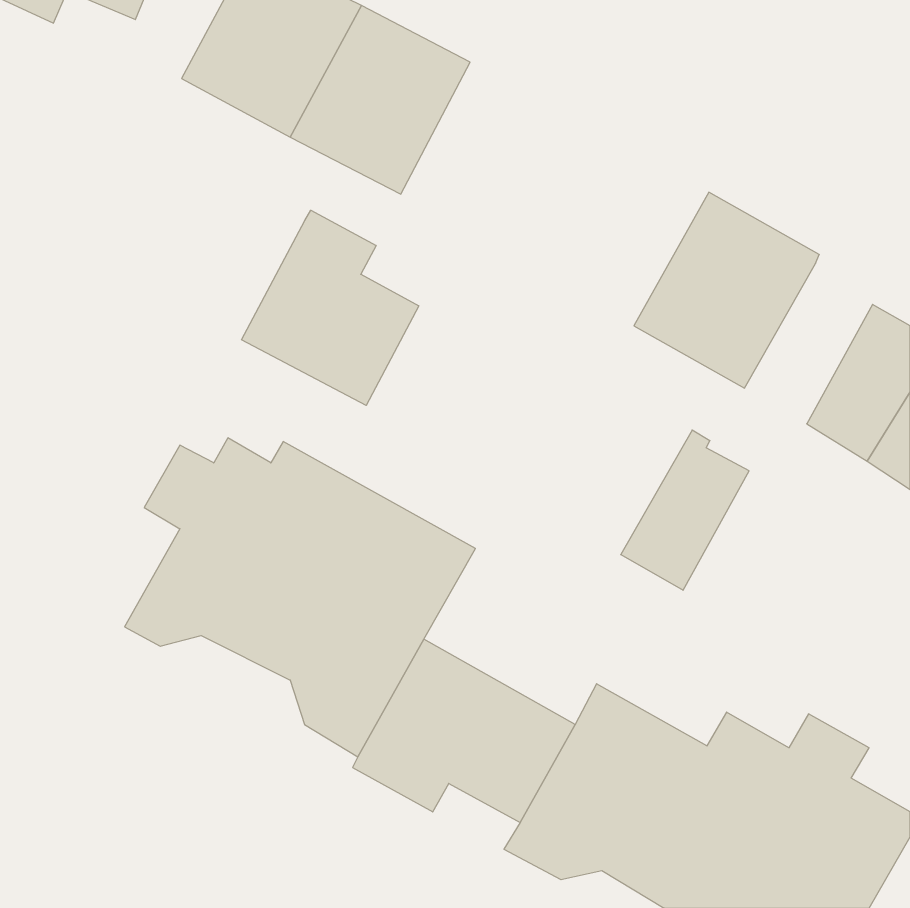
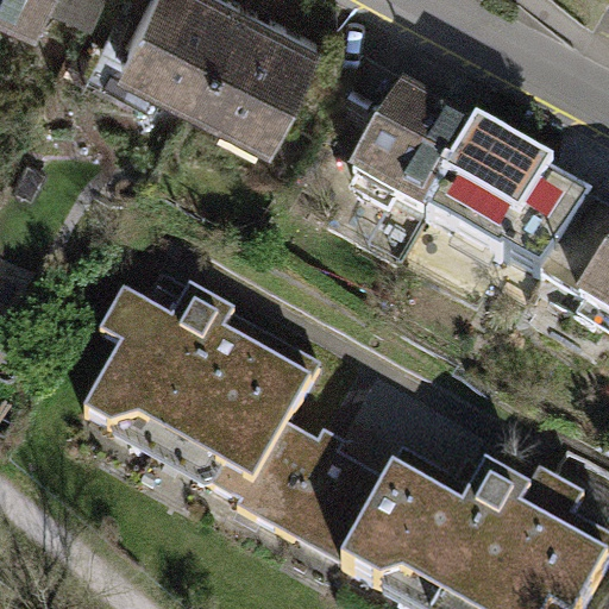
building: none -> [352,89,473,218]
building: [242,210,419,405] -> none
building: [621,430,749,590] -> [497,176,583,283]

